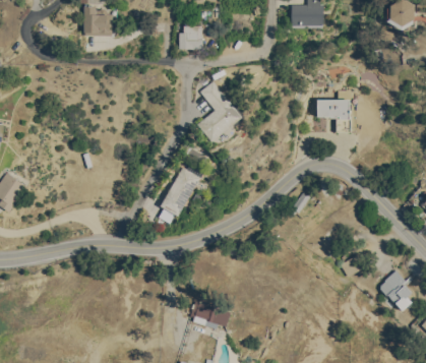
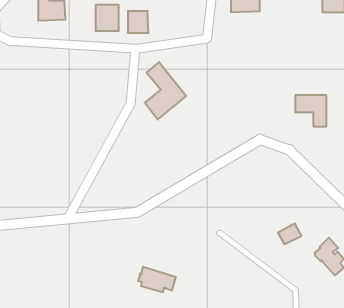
building: none -> [96,5,119,31]
building: [318,100,352,133] -> [295,95,326,126]
building: [160,167,201,224] -> none

